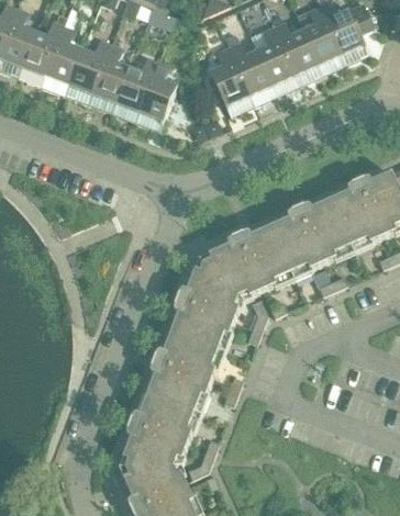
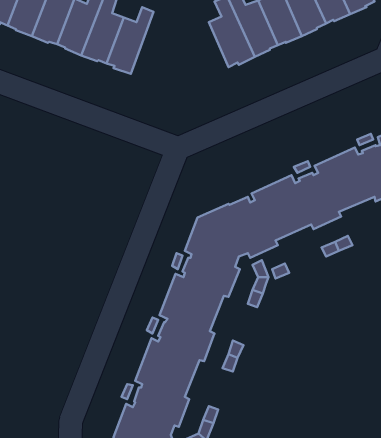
building: [135,59,177,126] -> none

